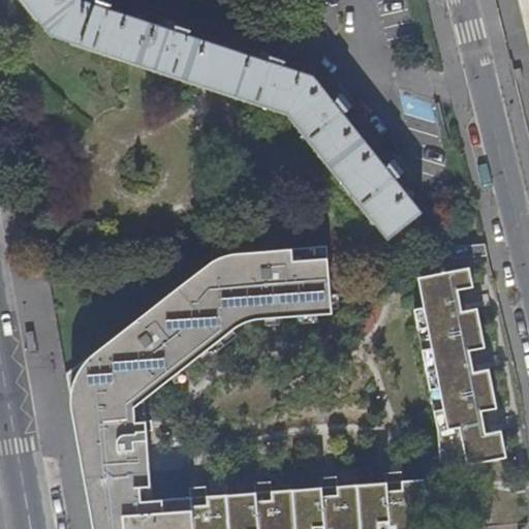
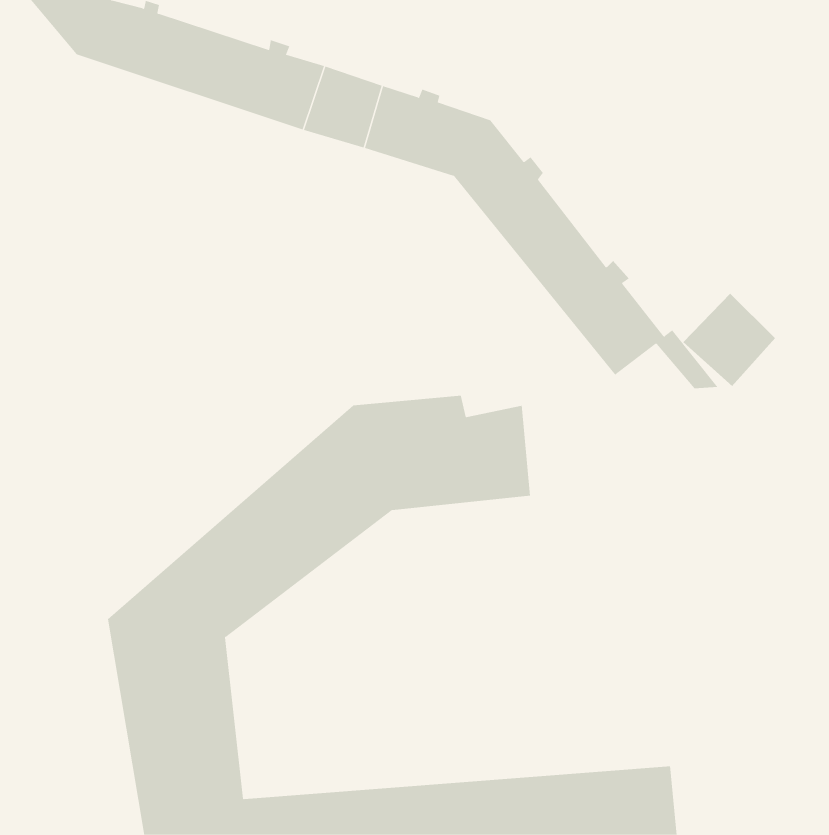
building: none -> [683,293,776,387]
building: [417,267,505,465] -> none

